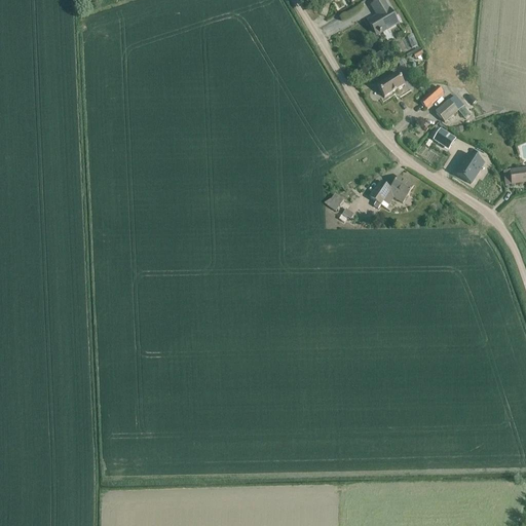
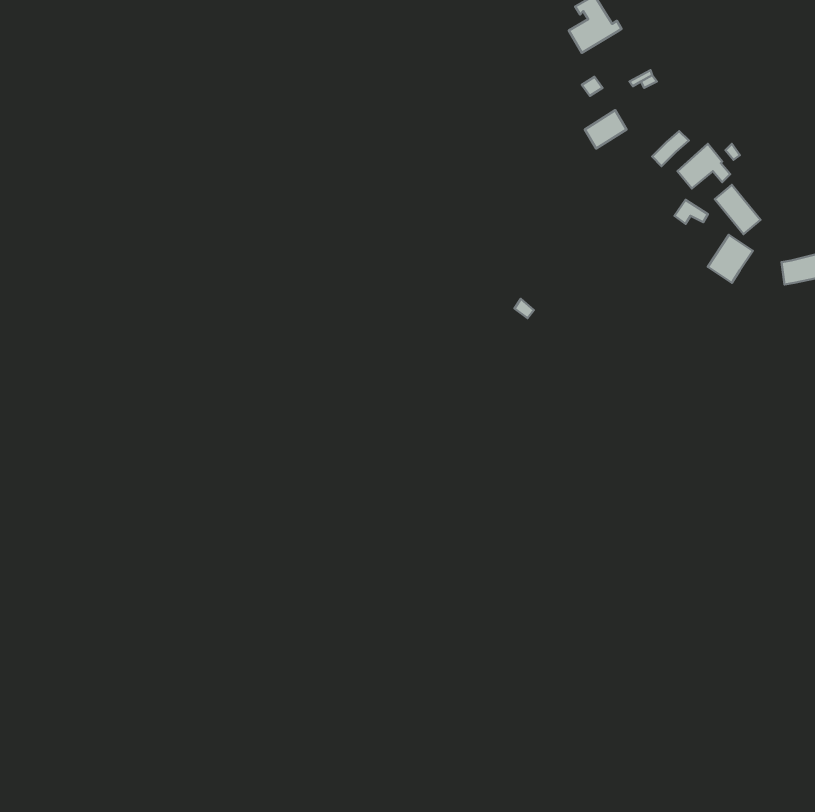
building: none -> [715,185,761,234]
building: [370,175,414,208] -> none

